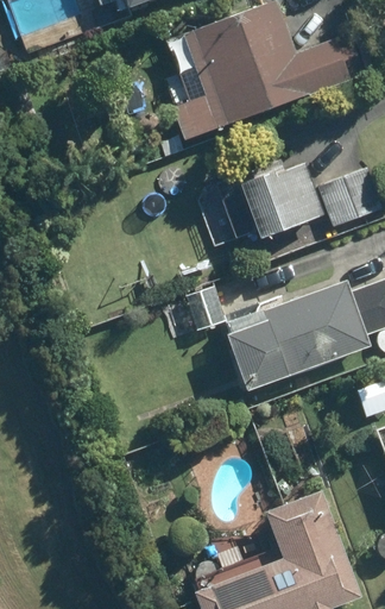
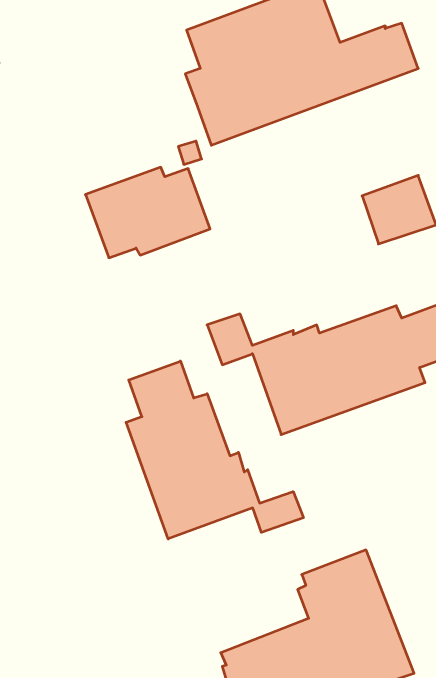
building: [215,161,323,239] -> [85,167,210,258]
building: none -> [126,361,303,539]

